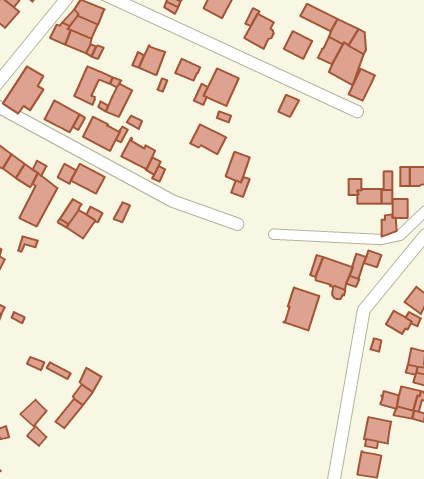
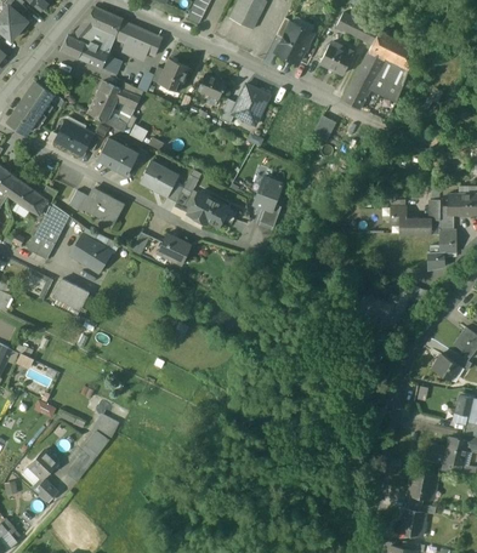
building: none -> [113,21,161,61]
building: [349,69,375,101] -> [343,73,373,108]
building: [190,124,226,154] -> [188,193,228,226]
building: none -> [158,234,189,264]
building: none -> [53,280,89,310]
building: [283,287,319,331] -> none

